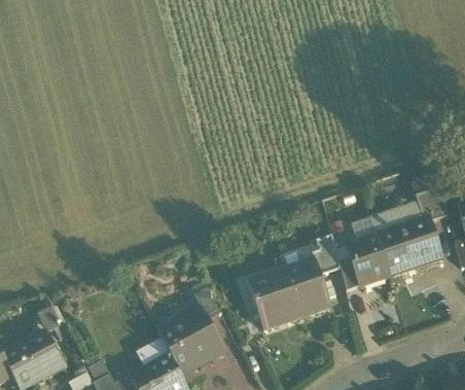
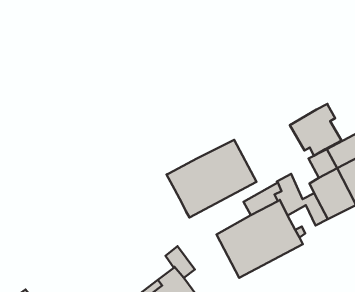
building: none -> [290,104,341,156]
building: none -> [166,140,256,217]

